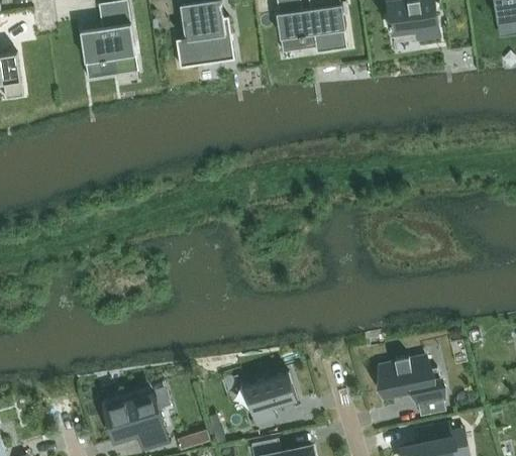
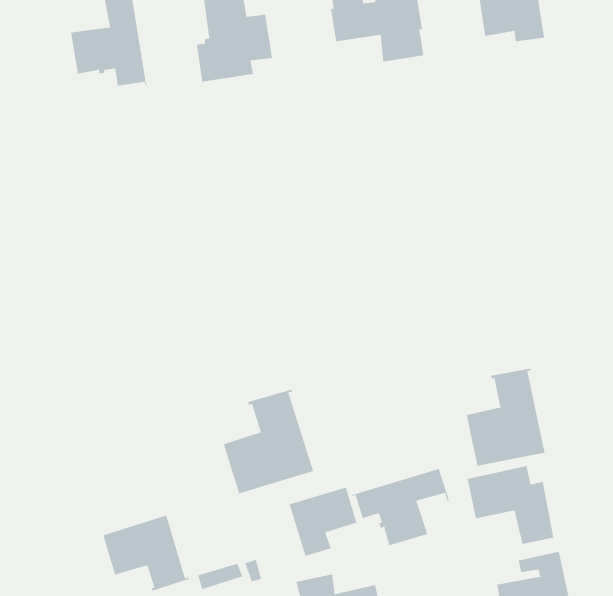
building: none -> [466,368,545,467]
building: none -> [223,389,314,494]
building: none -> [352,468,450,546]

